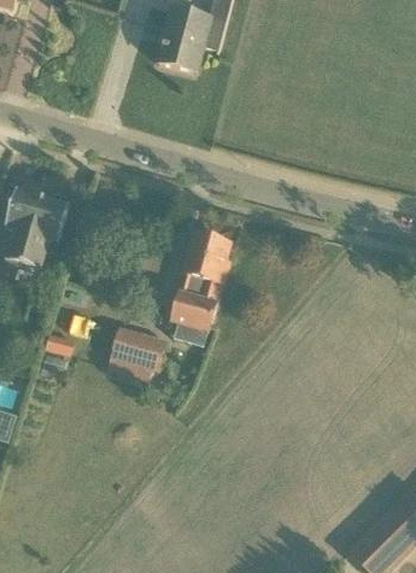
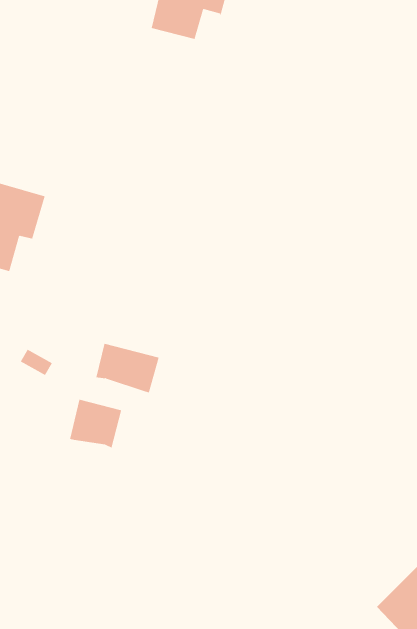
building: [170,234,228,332] -> none
building: none -> [69,399,122,448]

